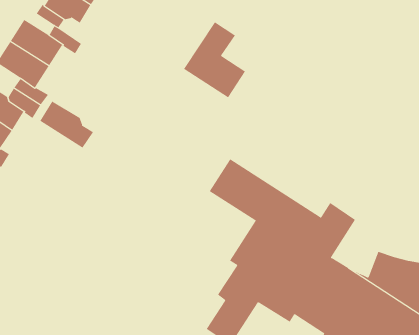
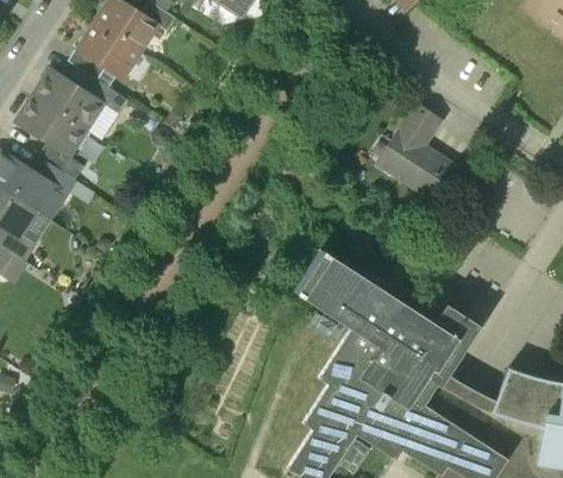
building: [183,22,246,98] -> [375,101,456,200]
building: [39,101,94,148] -> none

